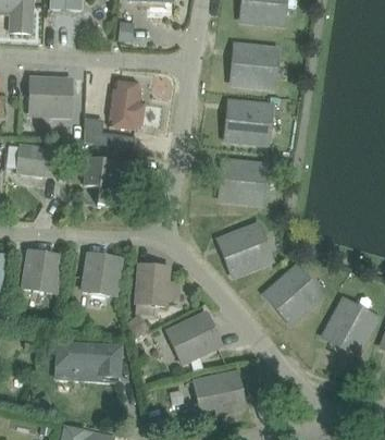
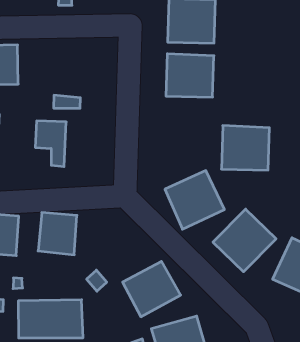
building: [108,80,144,129] -> none
building: [215,156,268,205] -> [221,126,269,170]
building: [133,262,178,314] -> none

